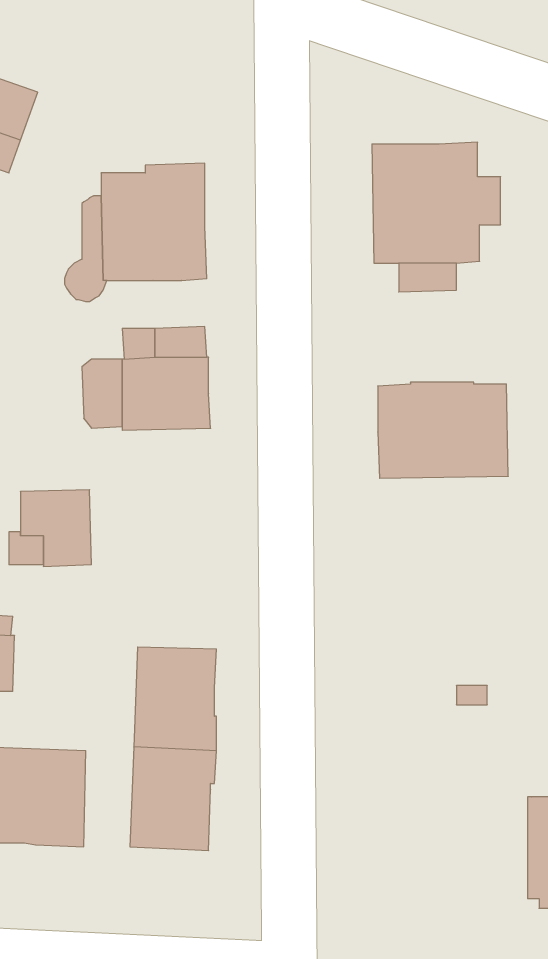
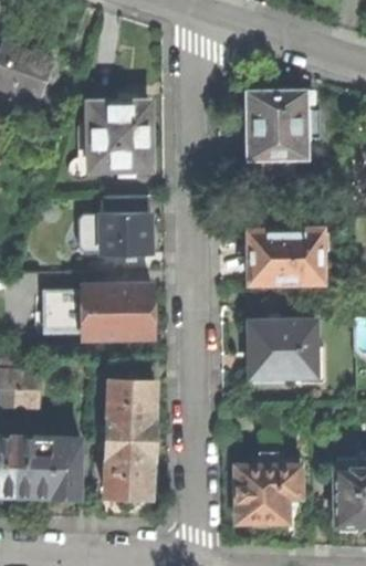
building: none -> [82,285,151,338]
building: none -> [249,319,324,384]
building: none -> [234,452,301,522]

